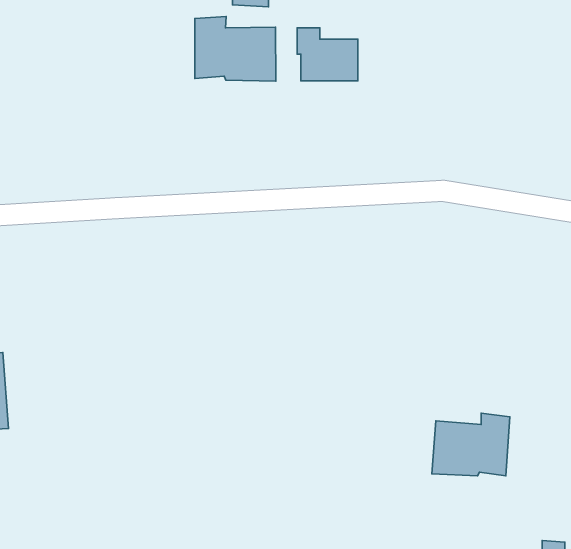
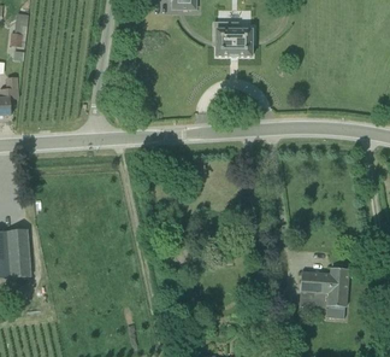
building: [195,16,276,81] -> none

